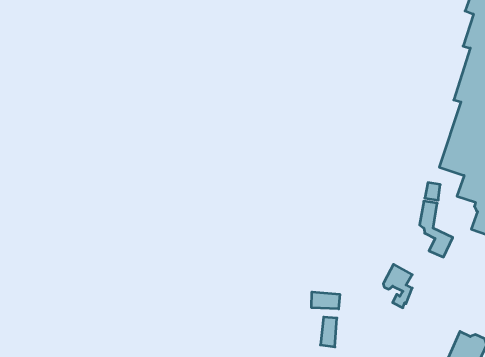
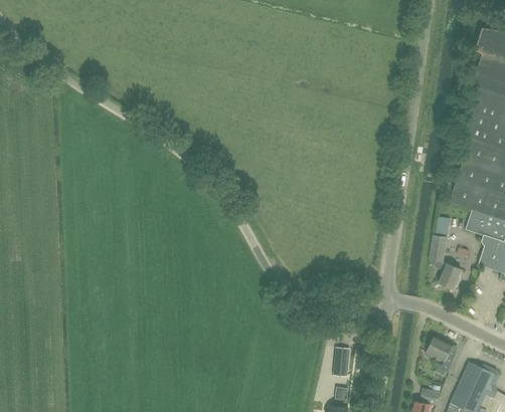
building: [383,264,412,308] -> [426,335,454,377]
building: [312,292,340,309] -> none

